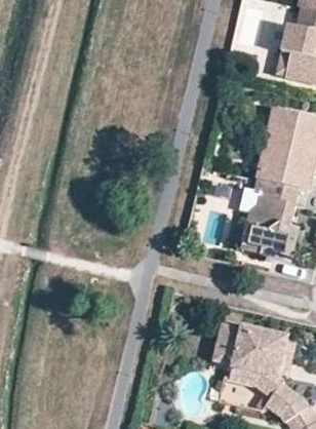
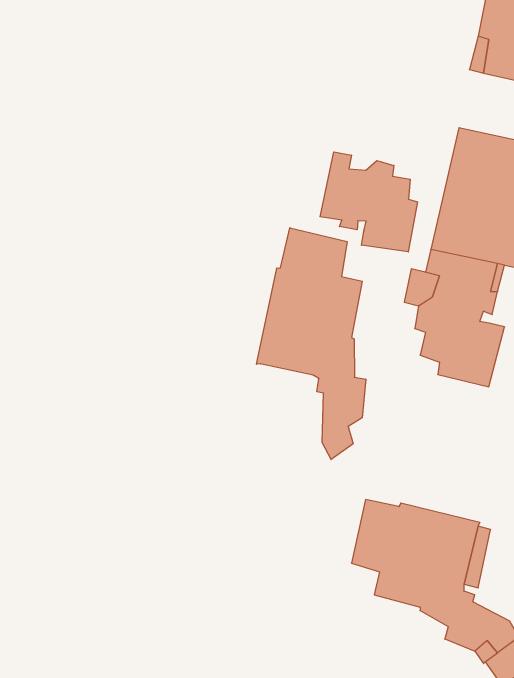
building: none -> [320,152,418,252]
building: none -> [257,228,366,460]

